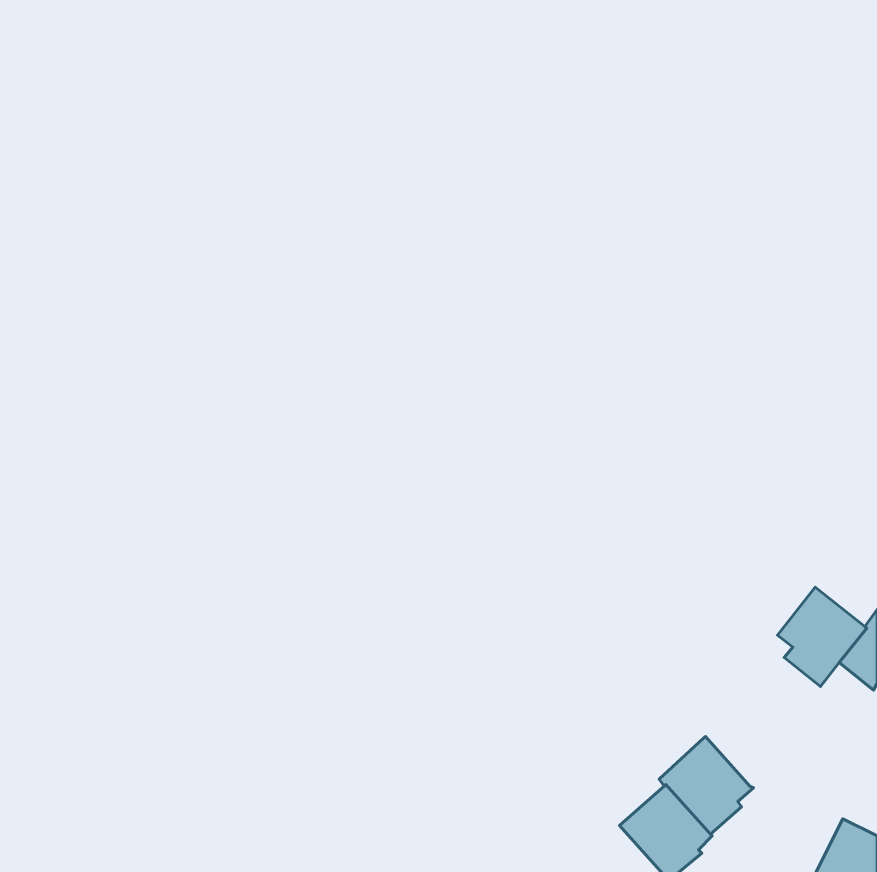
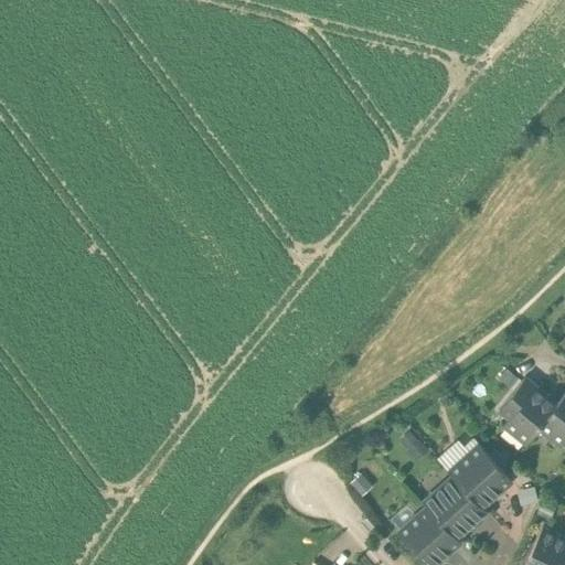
building: none -> [449,446,510,509]

